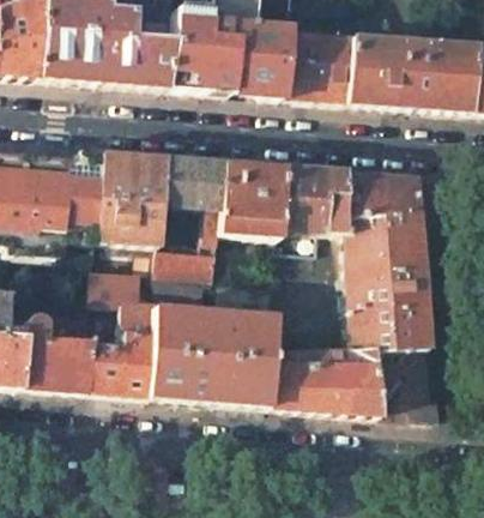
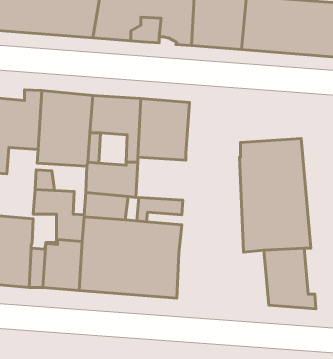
building: [277,165,418,233] -> none
building: [266,347,379,414] -> none

